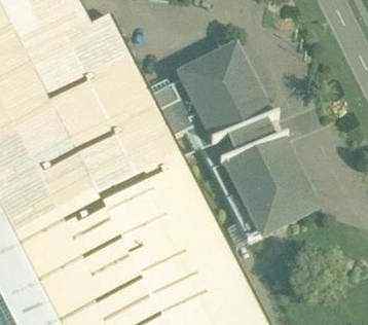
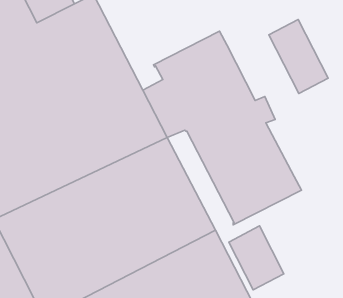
building: none -> [269,19,328,94]
building: none -> [229,226,284,290]

